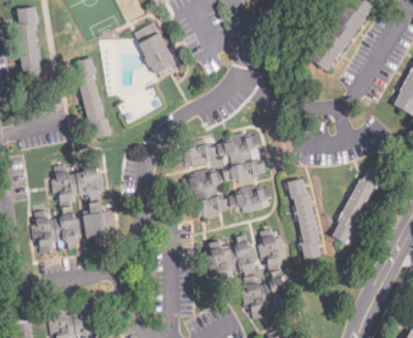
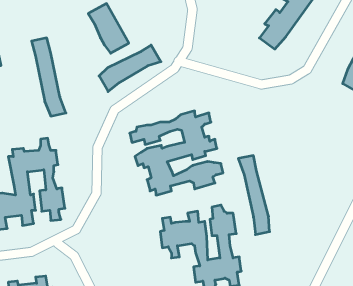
building: none -> [99,45,161,92]
building: [332,166,384,244] -> none

